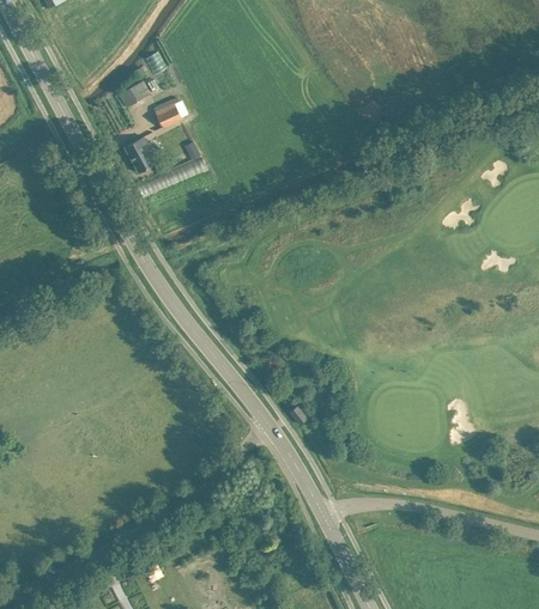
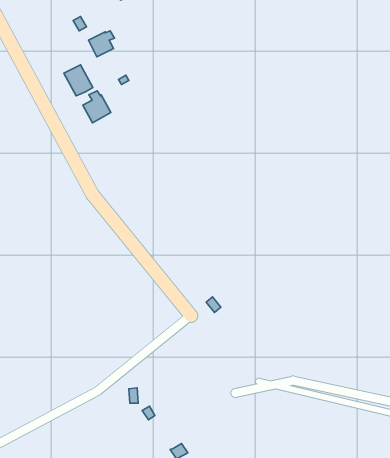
building: none -> [83,91,111,123]

